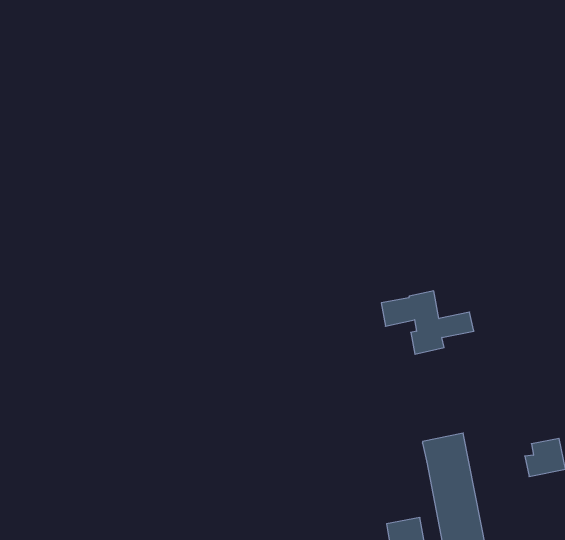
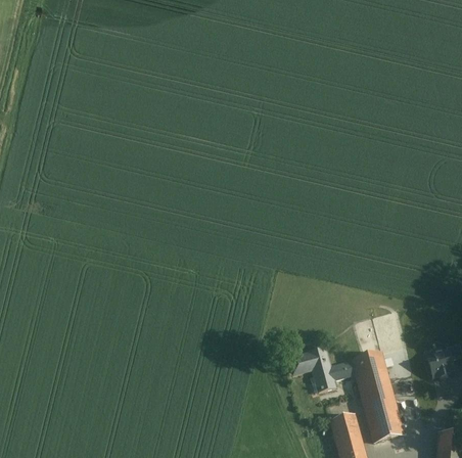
building: [381,291,474,354] -> [289,348,357,394]

